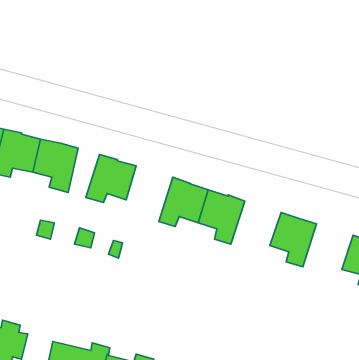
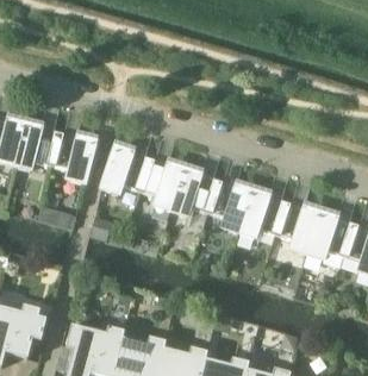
building: none -> [139,157,183,209]
building: none -> [238,190,286,236]
building: none -> [306,212,354,257]

